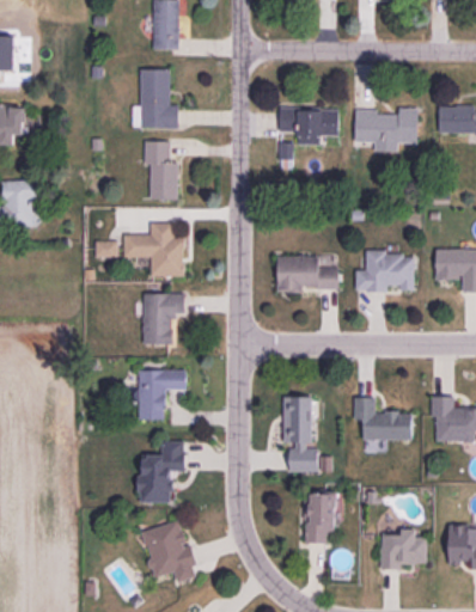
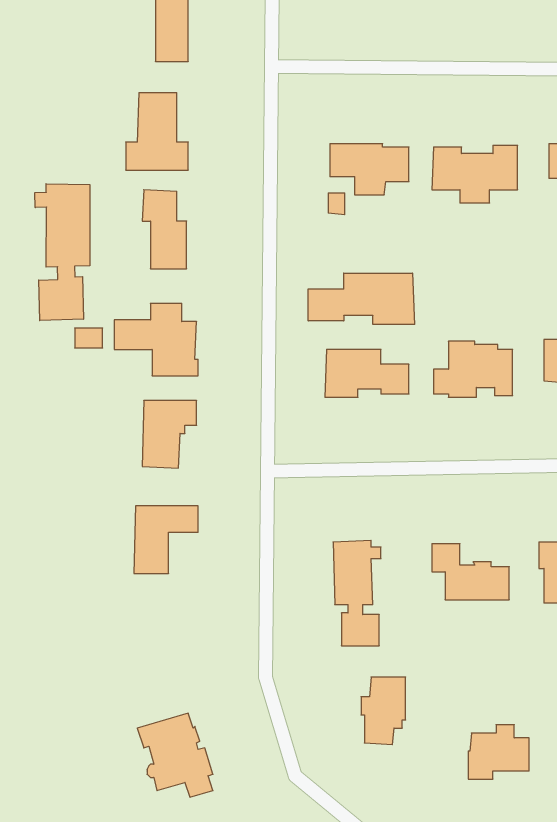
building: none -> [35,184,90,321]
building: none -> [308,273,415,324]
building: [136,441,184,503] -> none

